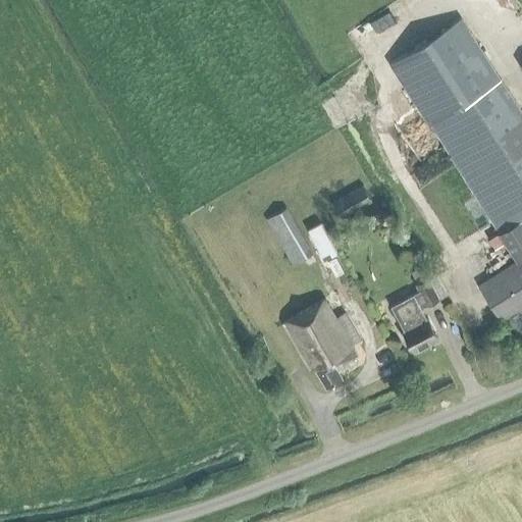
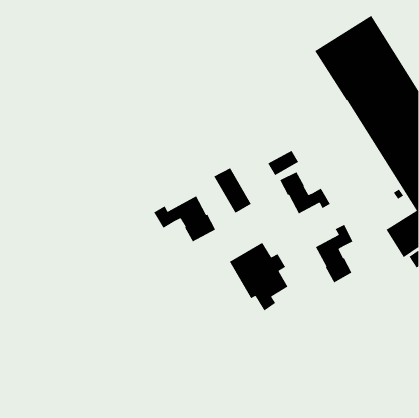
building: none -> [279,171,331,214]
building: none -> [153,195,216,243]

